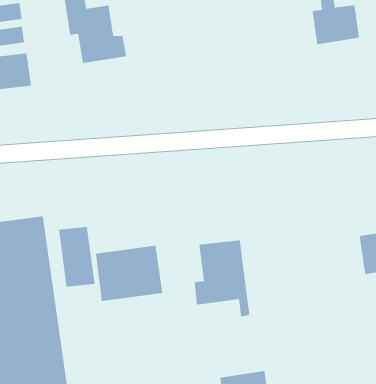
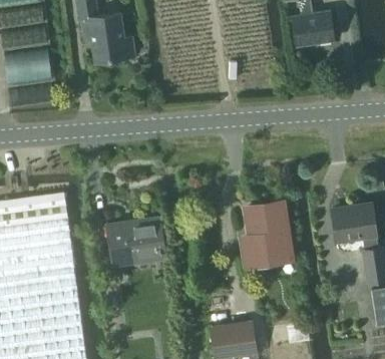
building: [58,226,95,287] -> none
building: [194,240,250,317] -> [243,205,291,271]

